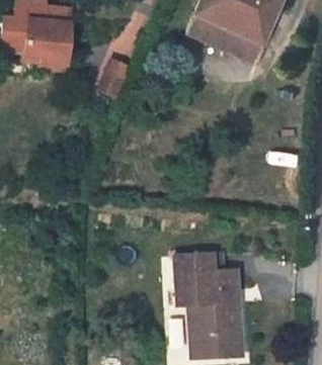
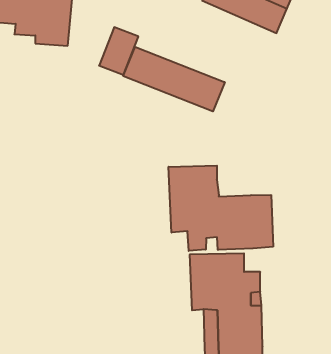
building: none -> [123,47,225,111]
building: none -> [169,166,273,251]

